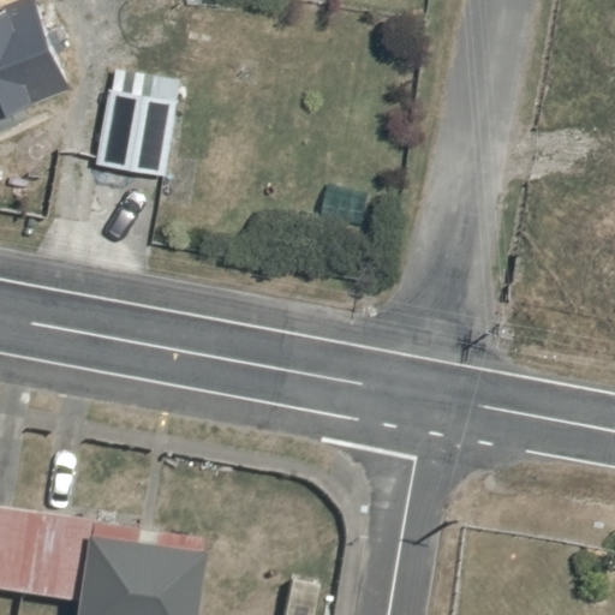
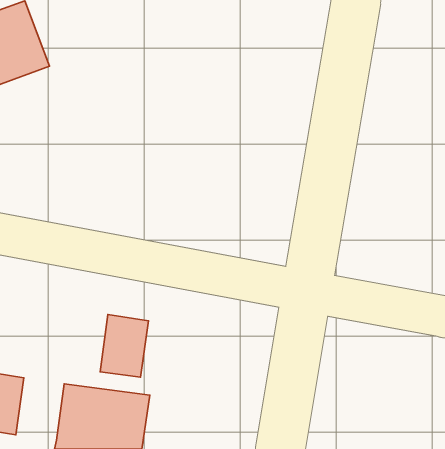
building: [94,91,177,177] -> none
building: [22,515,88,601] -> [100,315,149,377]

